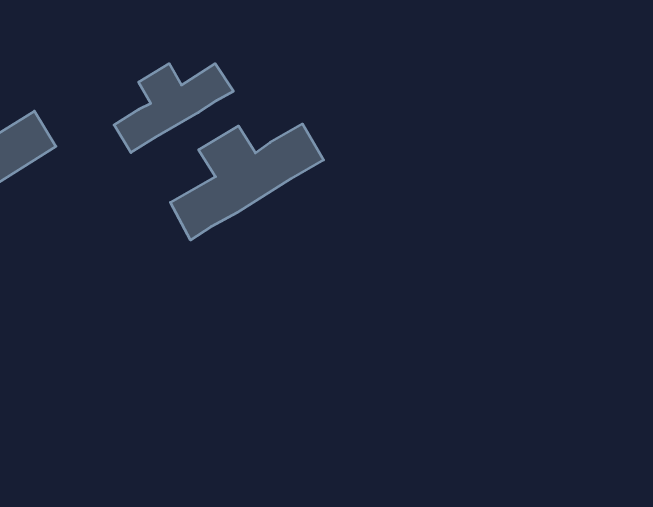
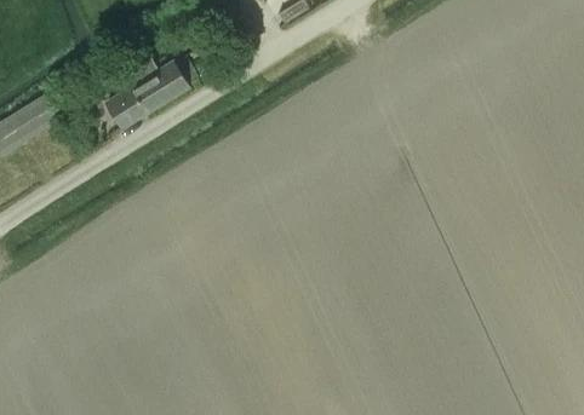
building: [170,124,324,240] -> none

